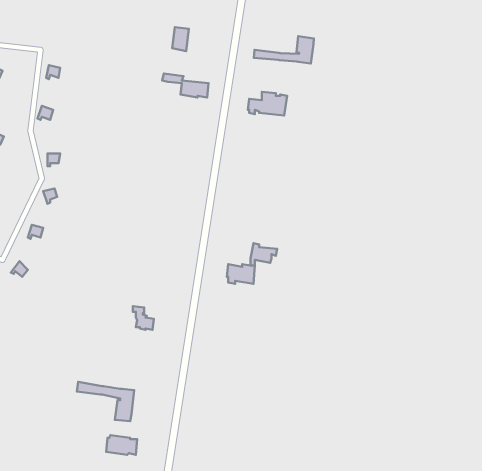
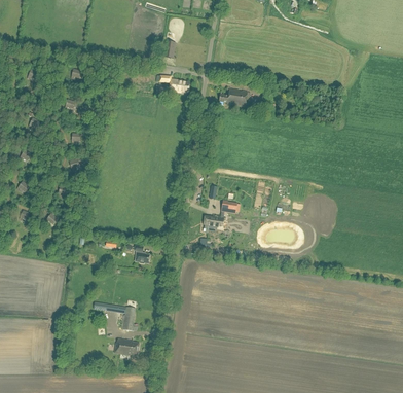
building: [254,36,314,63] -> none

